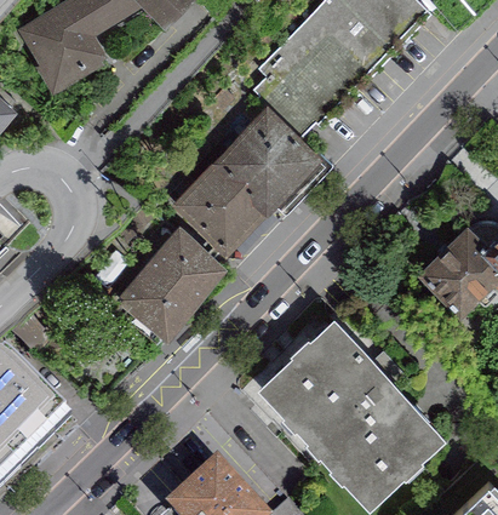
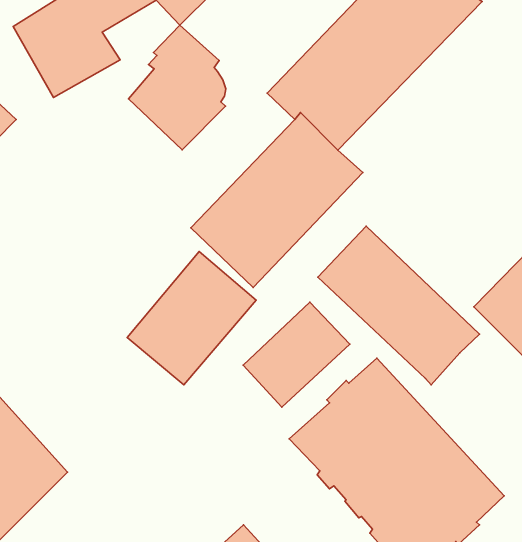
building: none -> [129,25,226,150]
building: none -> [318,226,479,385]
building: none -> [243,302,350,407]

